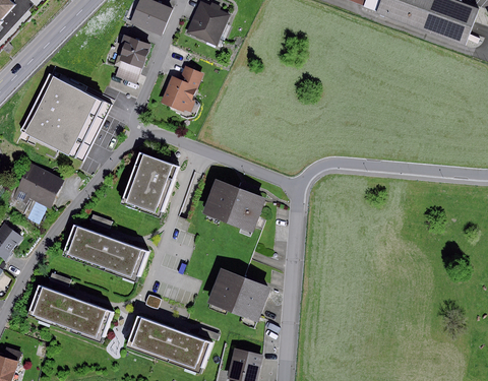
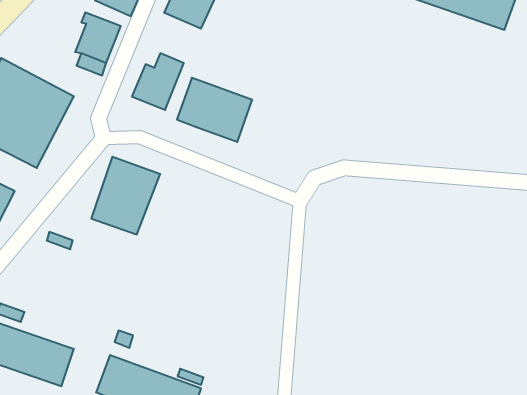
building: [201,181,263,234] -> [177,78,252,142]
building: [68,225,151,280] -> none
building: [205,270,269,323] -> none

